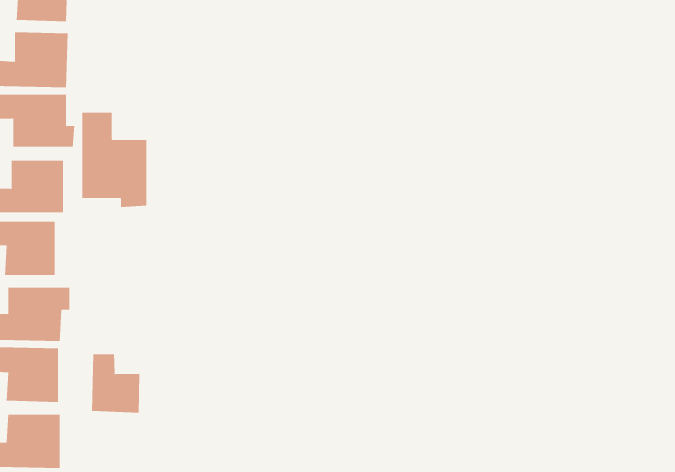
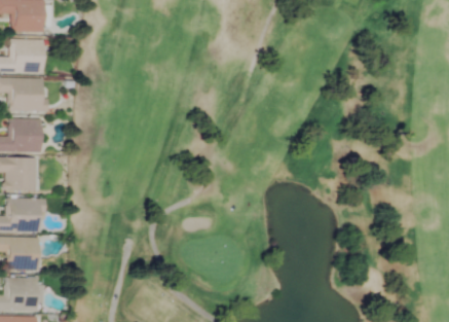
building: [82,112,147,208] -> none
building: [92,353,140,414] -> none

